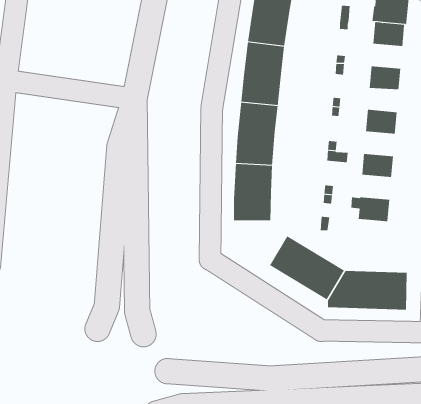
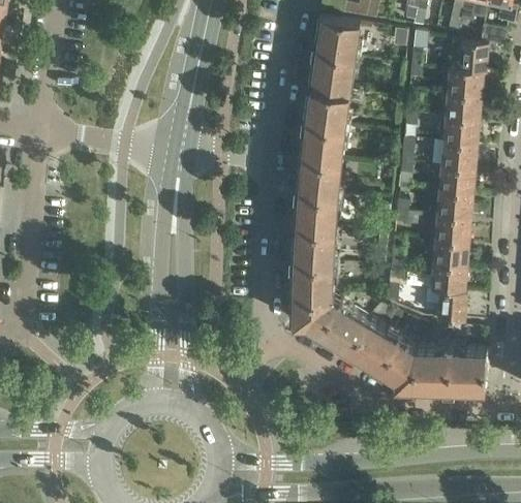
building: none -> [445,97,481,125]
building: none -> [440,147,477,174]
building: none -> [436,195,472,223]
building: none -> [432,244,468,272]
building: none -> [432,294,466,325]
building: none -> [289,295,353,345]

